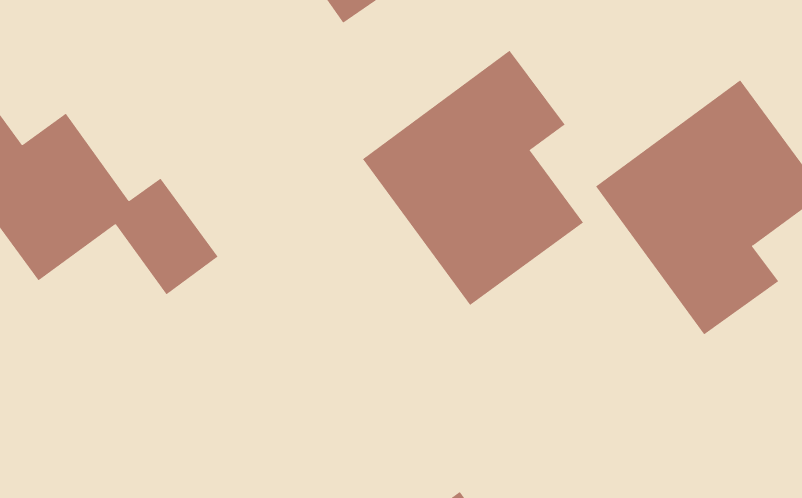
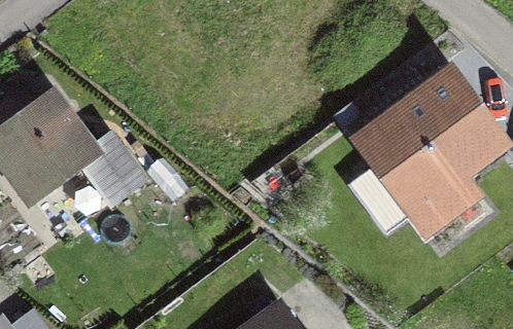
building: [362,50,584,306] -> none

